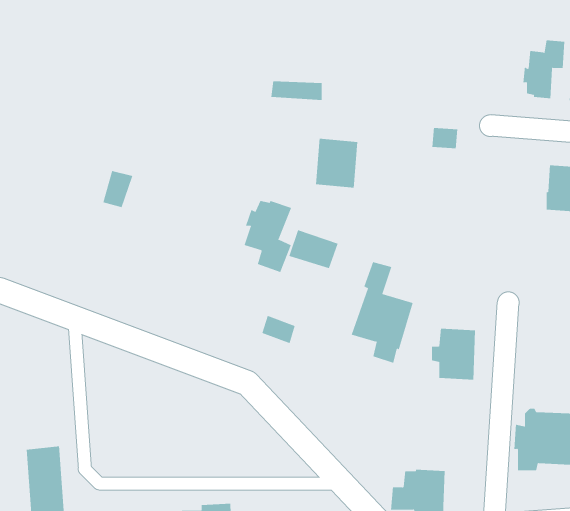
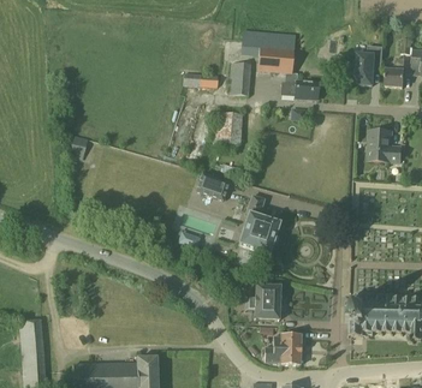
building: none -> [240,29,317,100]
building: none -> [228,61,250,95]
building: [244,200,292,273] -> none
building: [431,328,476,380] -> [249,285,279,320]

